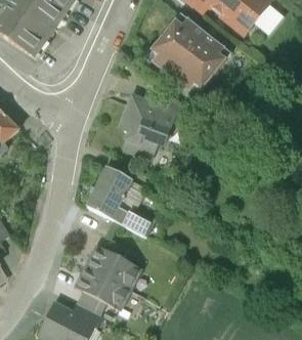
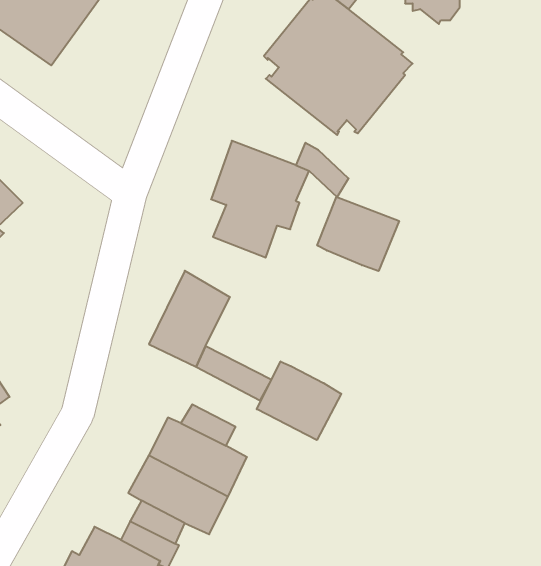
building: none -> [317,197,399,271]
building: none -> [257,361,341,440]

